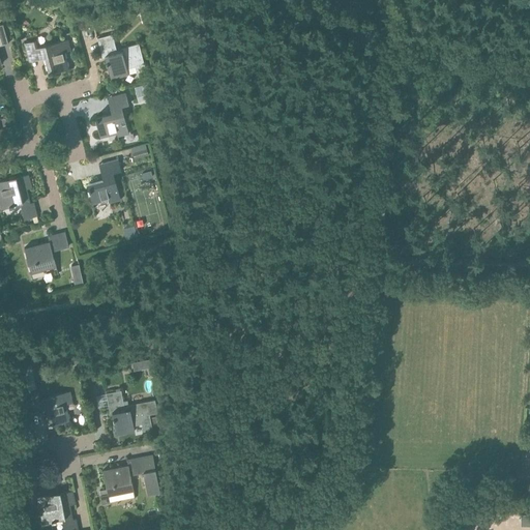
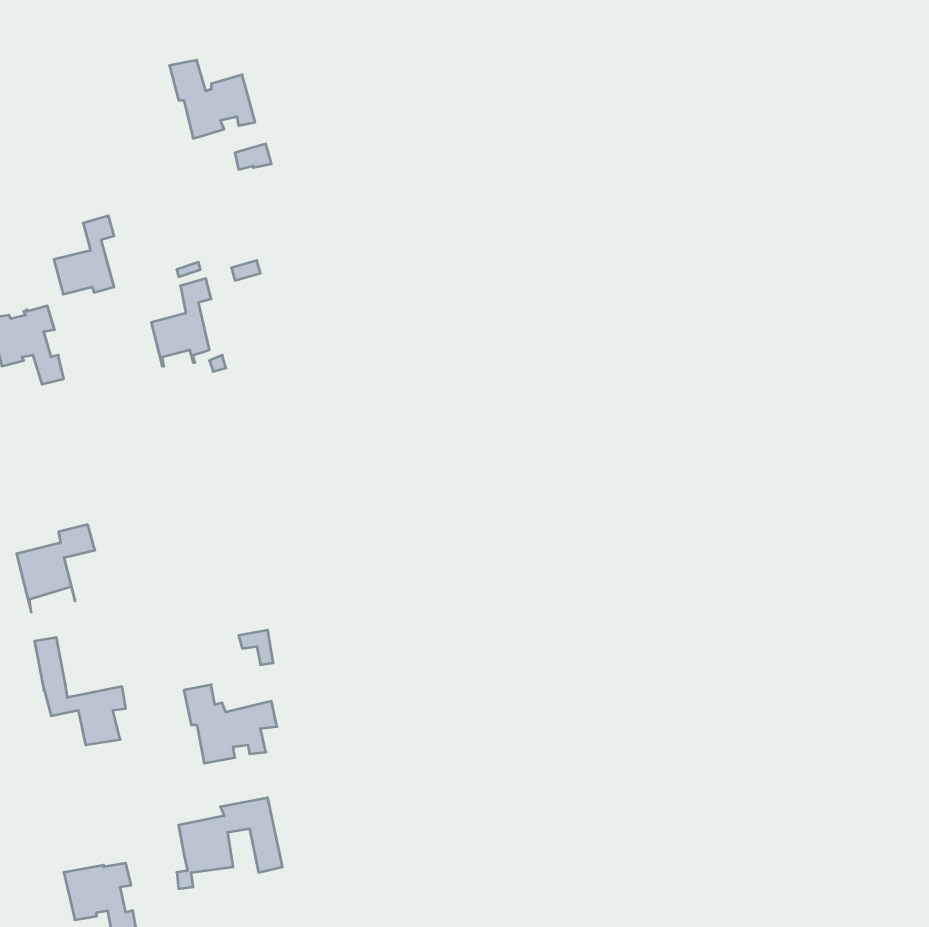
building: [23,40,73,76] -> none
building: [94,94,128,139] -> [54,216,114,294]
building: [24,233,68,283] -> [17,525,95,612]

